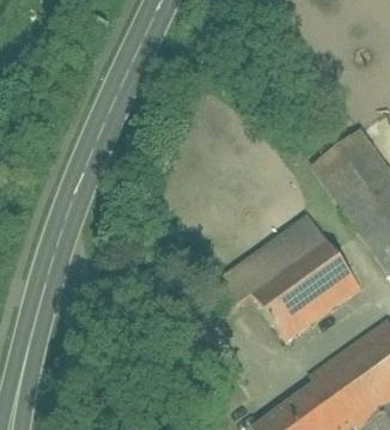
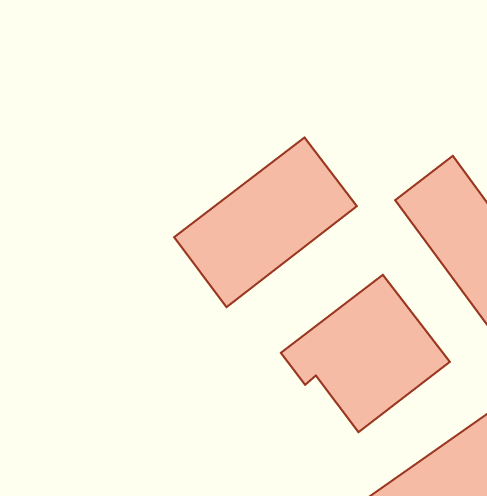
building: none -> [174,138,357,307]

